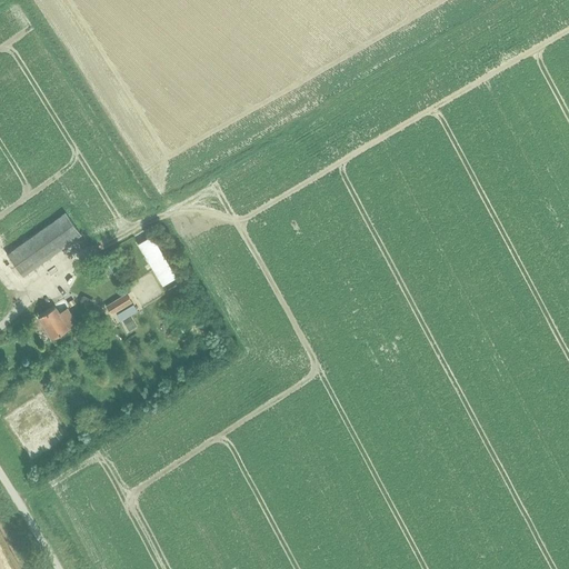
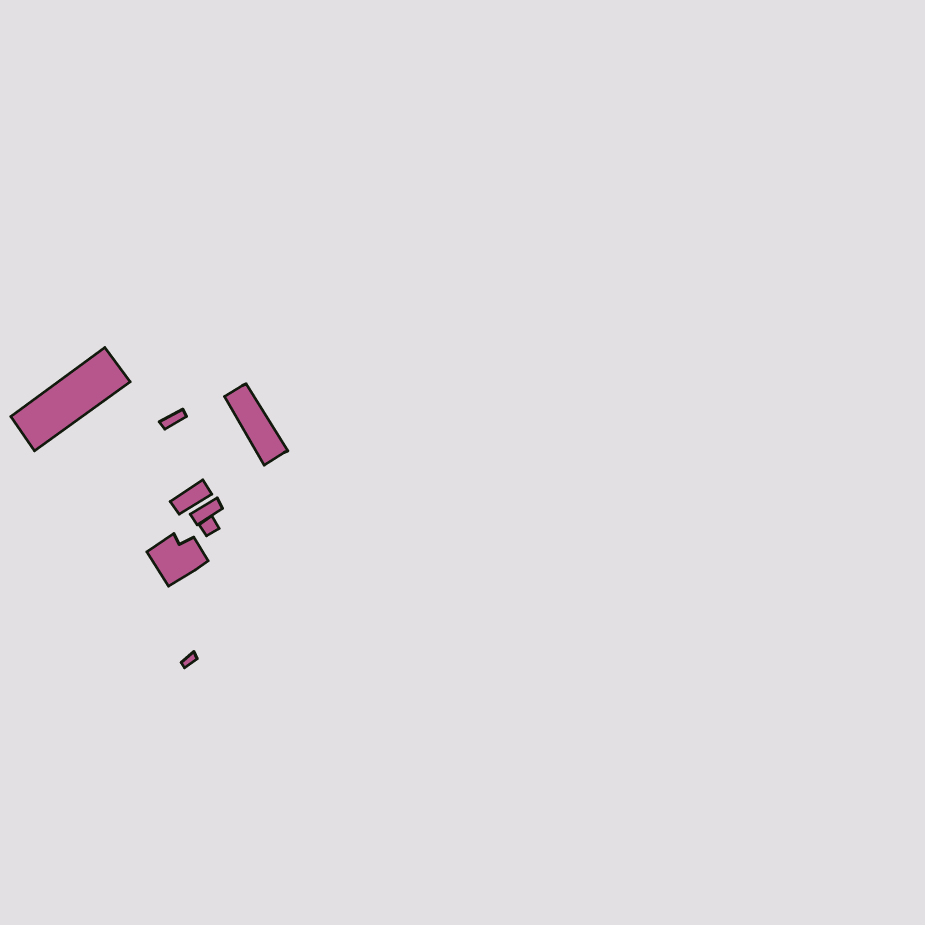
building: [38,308,76,340] -> [147,534,208,586]

